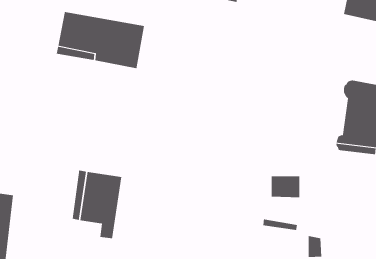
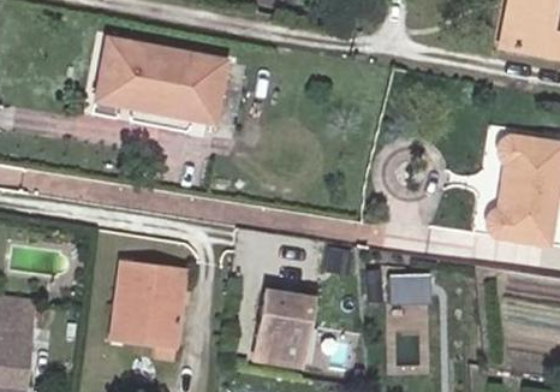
building: none -> [256,290,310,366]

